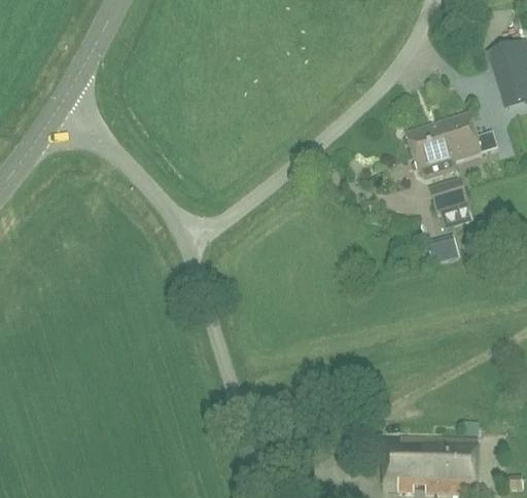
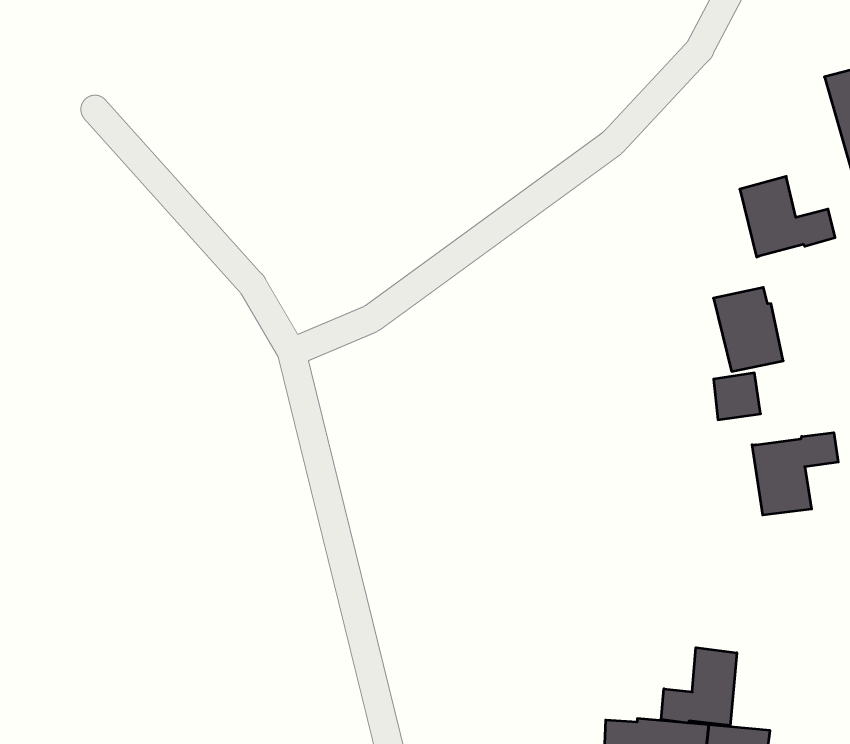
building: [406,121,457,180] -> none
building: none -> [752,433,838,515]
building: none -> [661,648,737,726]

